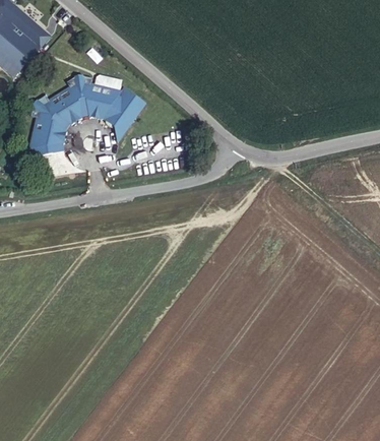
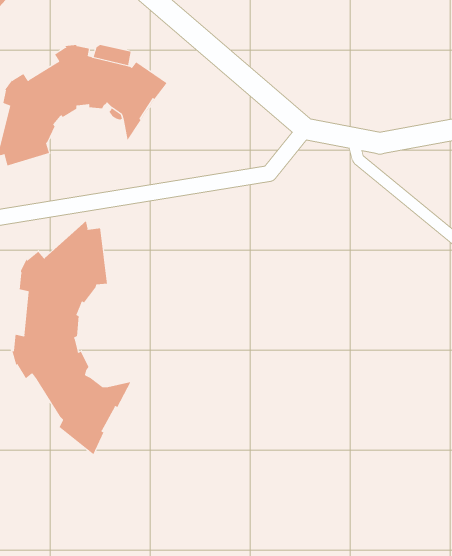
building: none -> [11,220,131,455]

